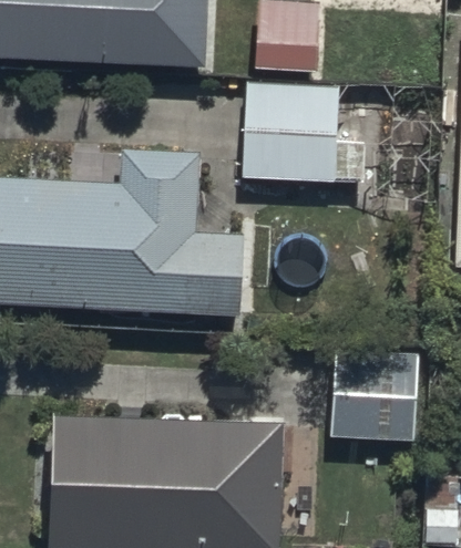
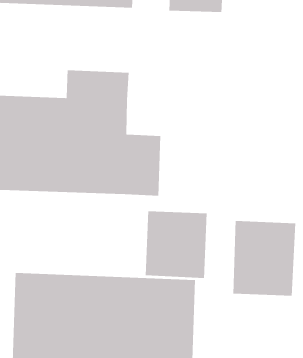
building: [244,87,342,189] -> none
building: none -> [145,211,208,279]

